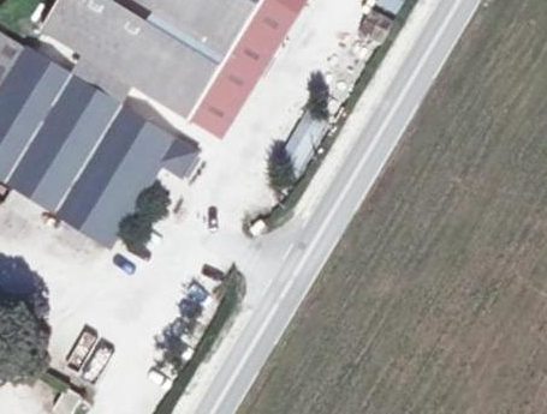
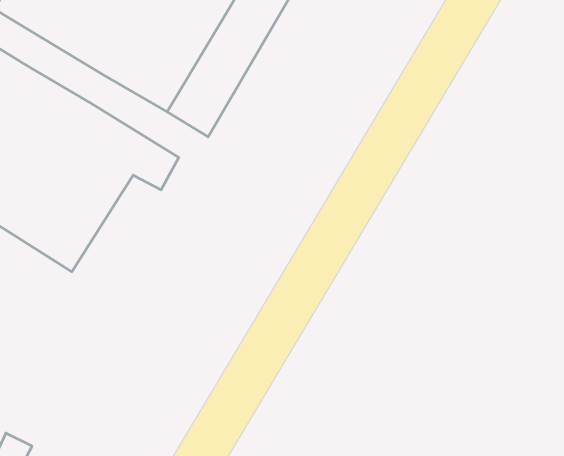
building: [72,53,136,107] -> none

